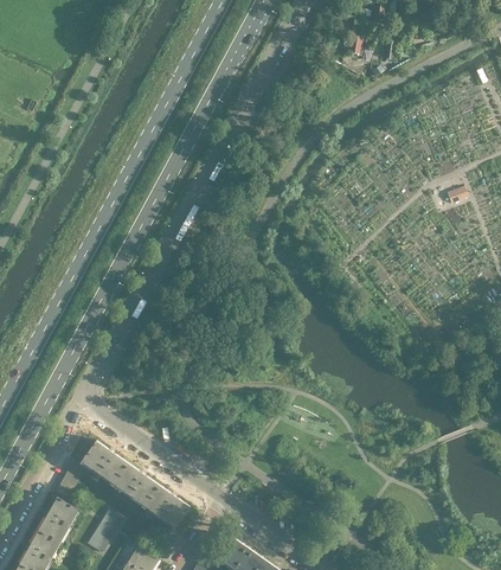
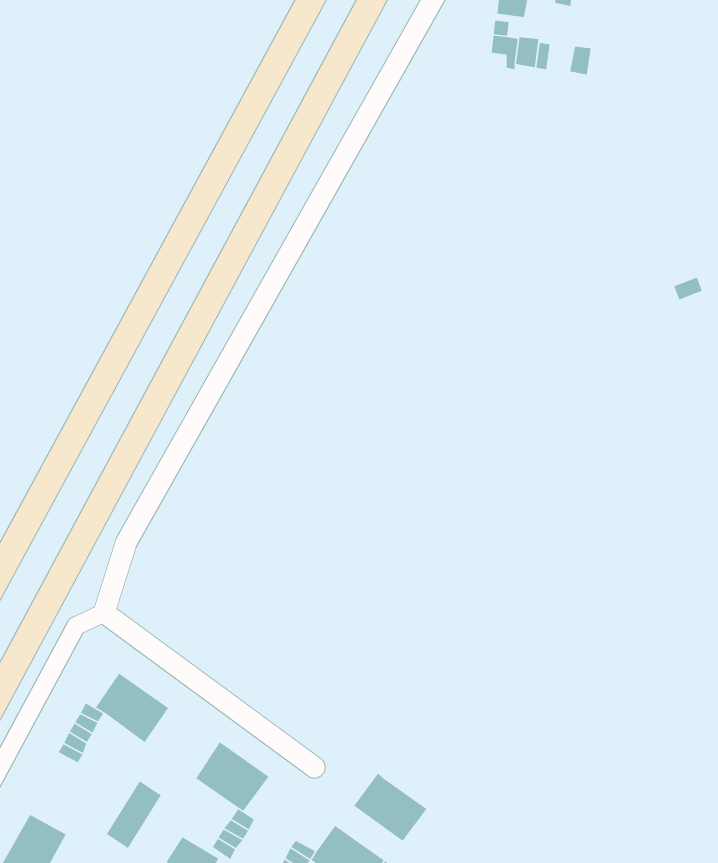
building: [111,462,159,507] -> none
building: [38,497,81,543] -> none
building: none -> [353,773,428,842]

